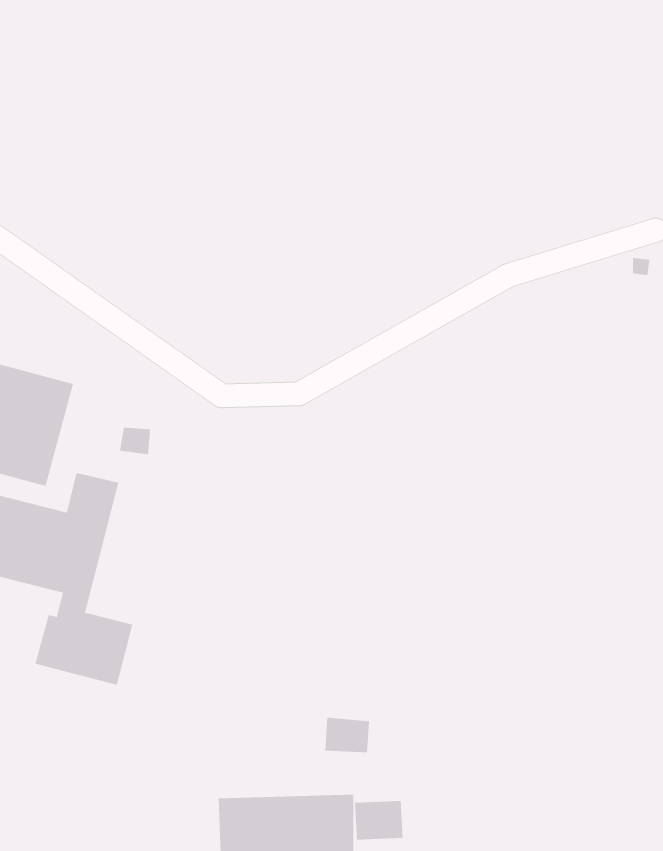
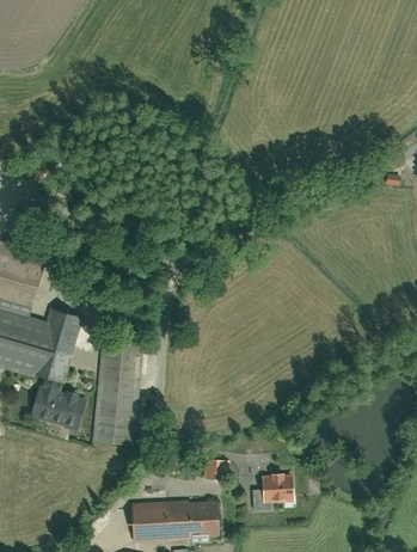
building: none -> [97,338,137,442]
building: [354,801,403,840] -> [263,478,293,502]

